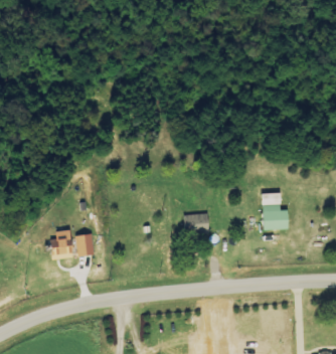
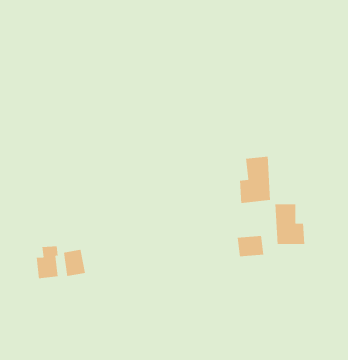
building: none -> [239,156,271,204]
building: [183,213,207,232] -> [237,235,264,257]

